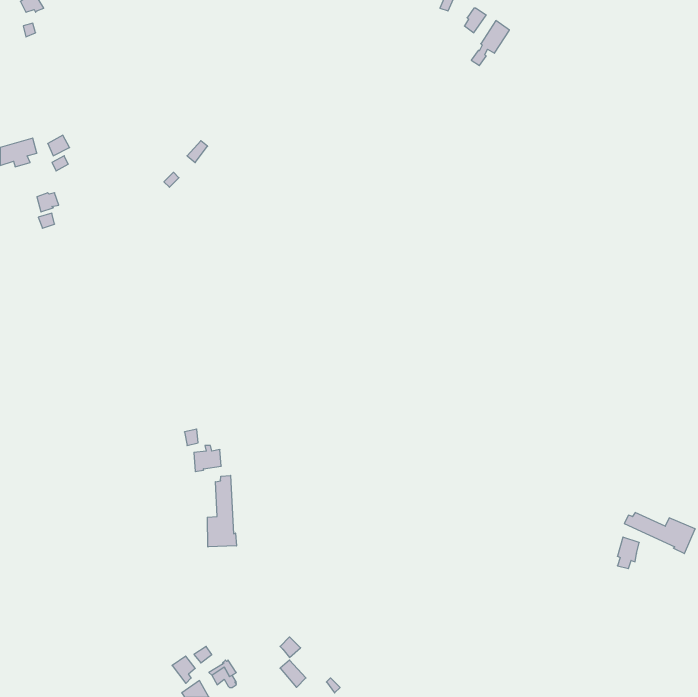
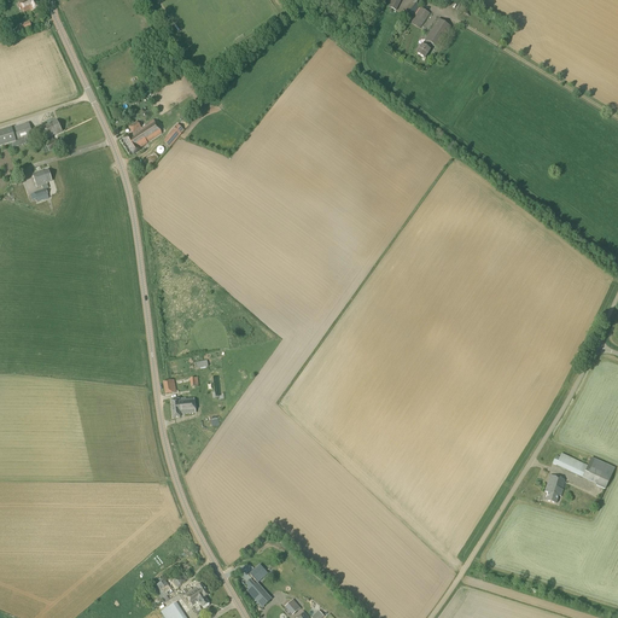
building: none -> [123,119,162,153]
building: [207,475,236,547] -> none

